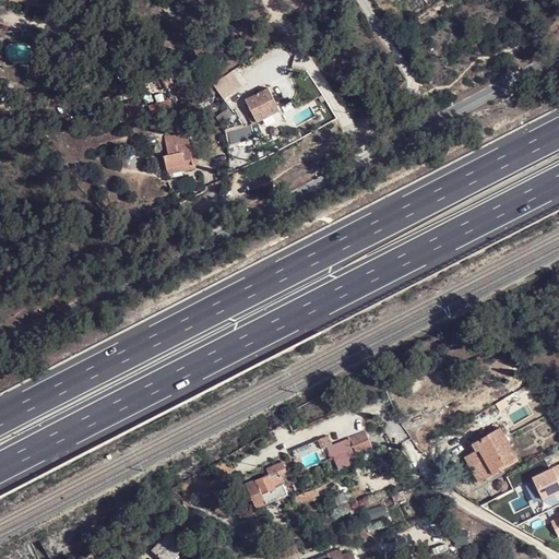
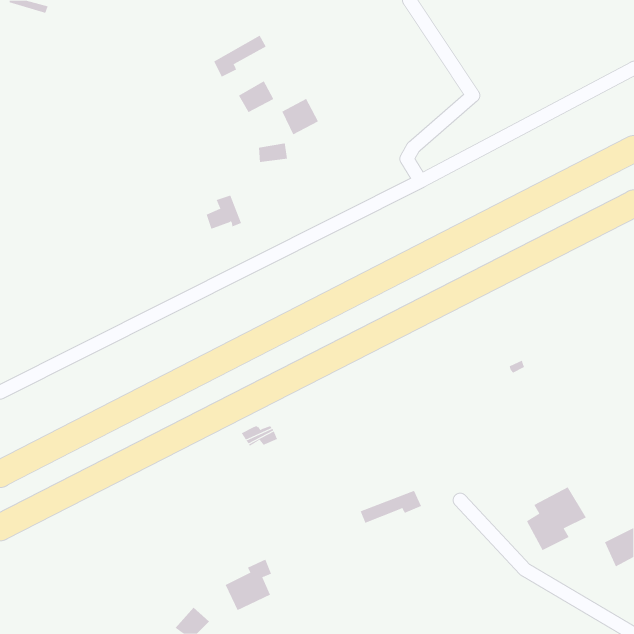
building: none -> [213,35,266,78]
building: [163,142,194,173] -> [206,195,242,229]
building: [247,463,288,509] -> [225,559,272,611]

